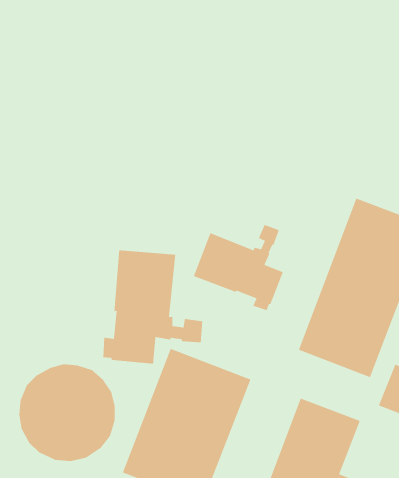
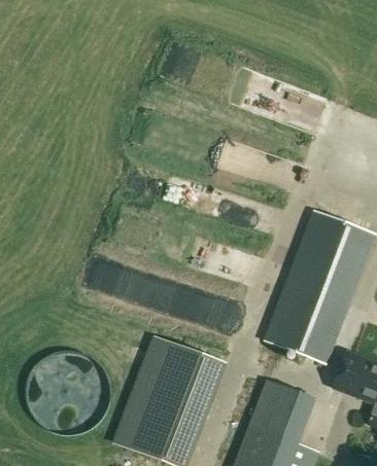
building: [193,224,284,311] -> none
building: [102,249,203,364] -> none

